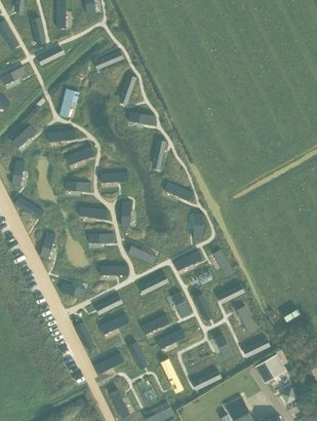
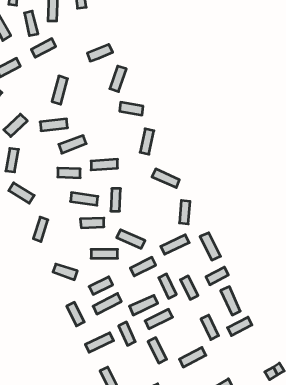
building: [255,354,285,383] -> none

